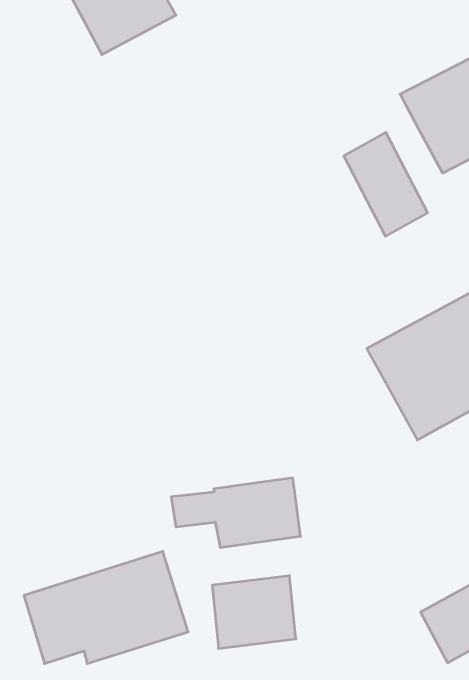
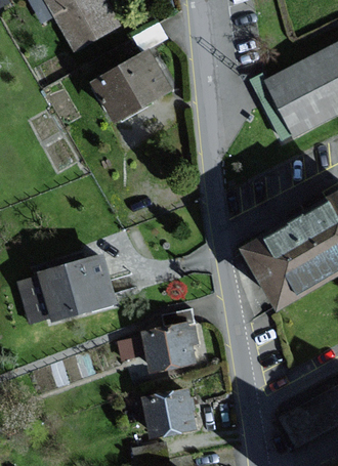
building: none -> [95,53,174,123]
building: [344,132,427,236] -> none
building: [24,551,188,664] -> [13,256,120,329]

